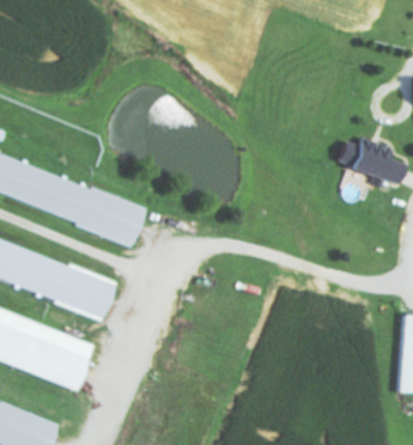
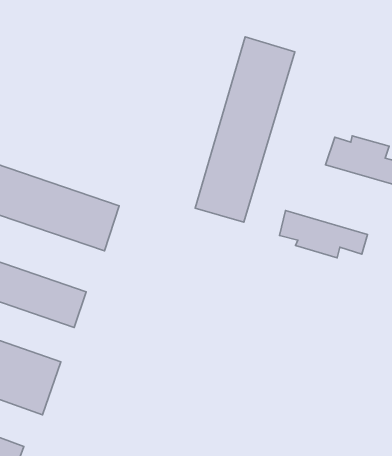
building: none -> [195,37,295,222]
building: none -> [280,211,368,258]

